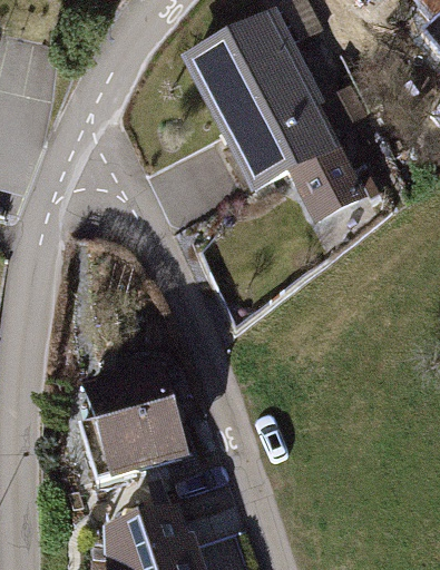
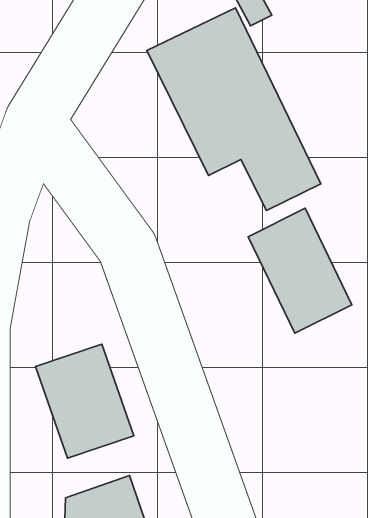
building: none -> [248,208,352,333]

